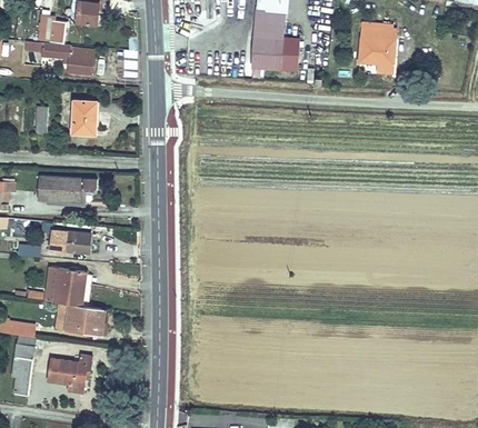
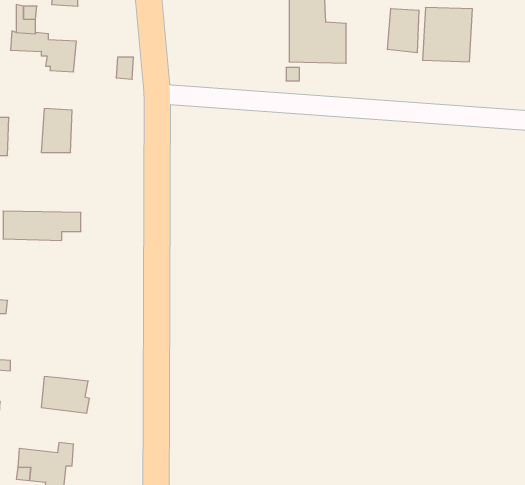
building: none -> [388,8,419,53]
building: [52,230,91,251] -> none
building: [54,266,87,305] -> none

